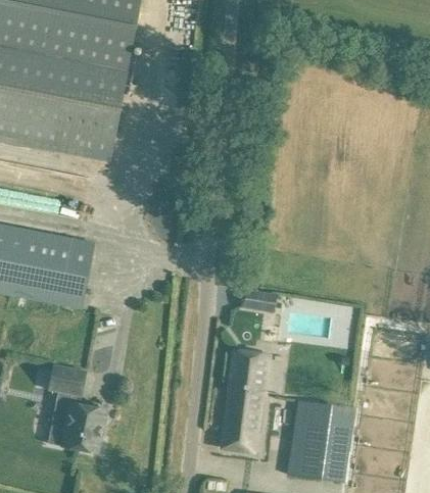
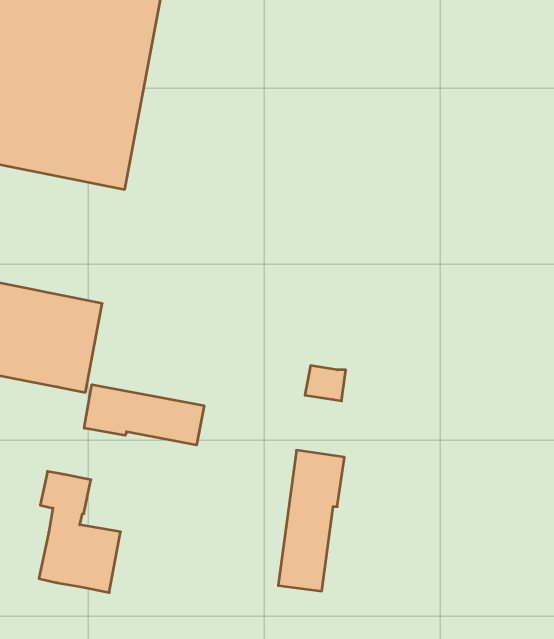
building: none -> [84,385,204,445]
building: [289,399,355,480] -> none

